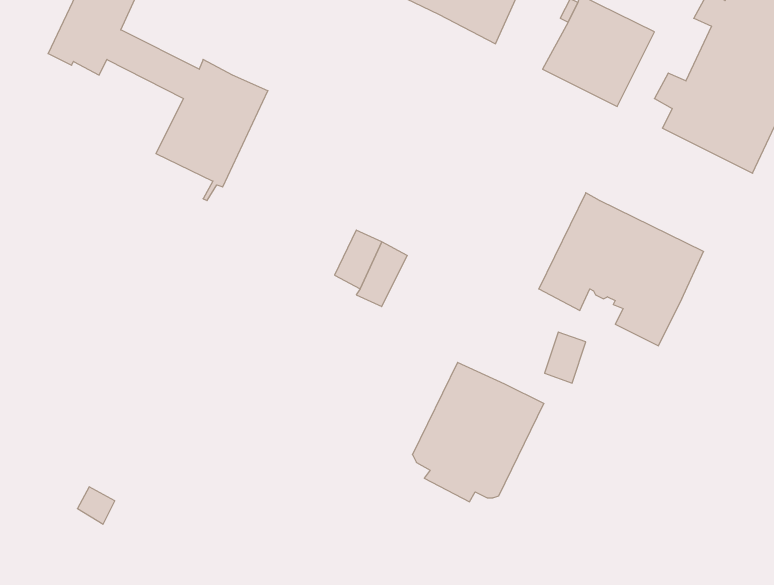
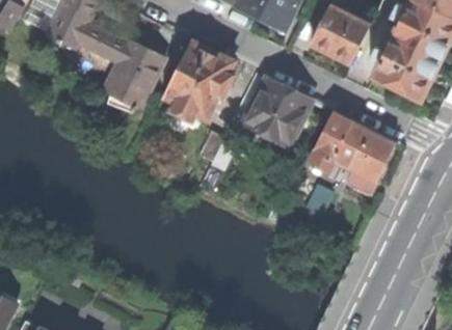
building: none -> [162,40,232,121]
building: [412,362,544,502] -> [241,79,311,153]

